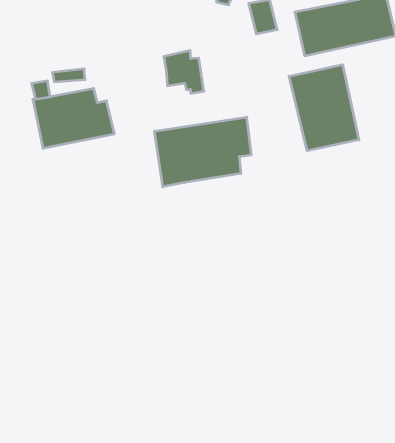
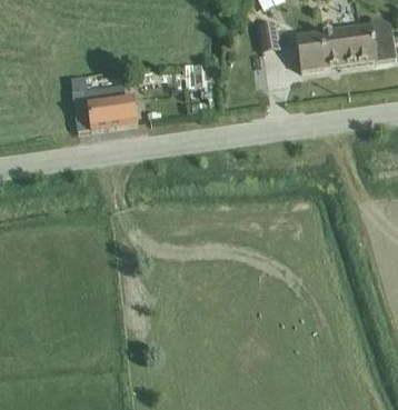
building: [289,65,359,151] -> none
building: [155,117,251,187] -> none

